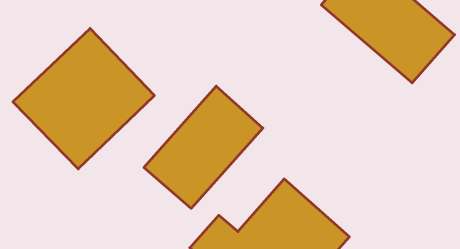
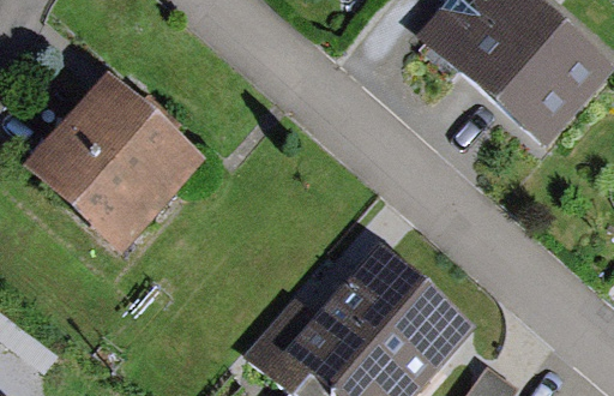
building: [144,86,263,208] -> none

